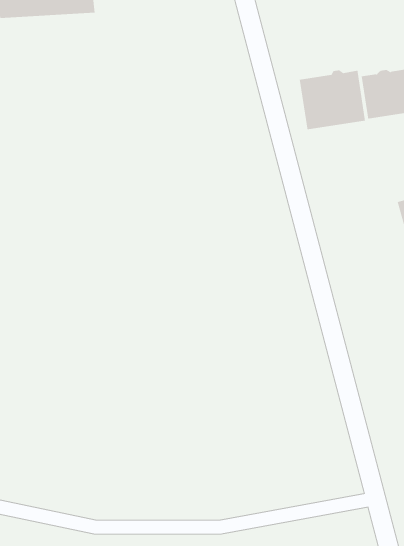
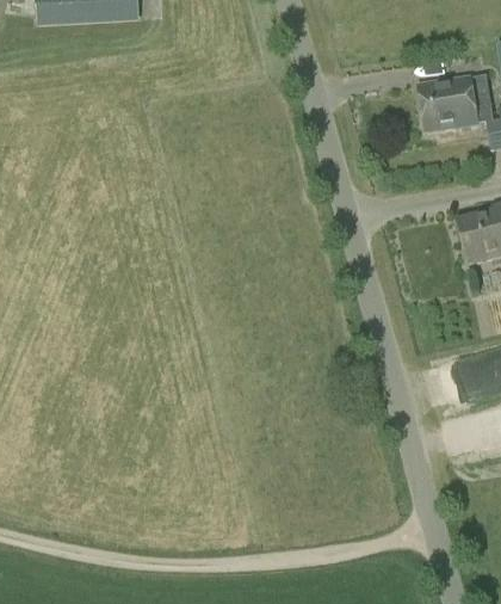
building: [299,70,366,130] -> none

